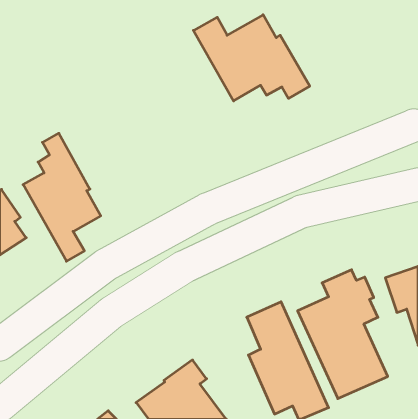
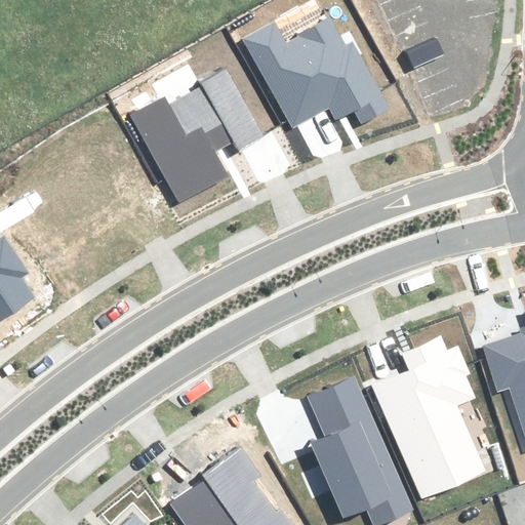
building: none -> [129,70,260,204]
building: [23,133,101,261] -> none

